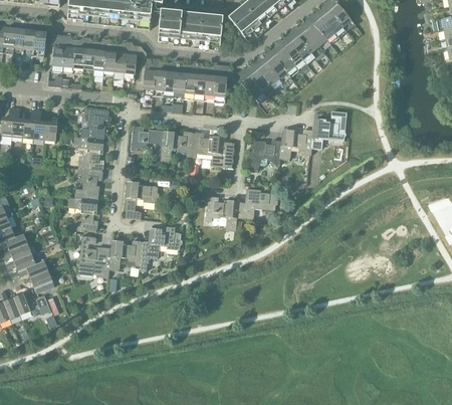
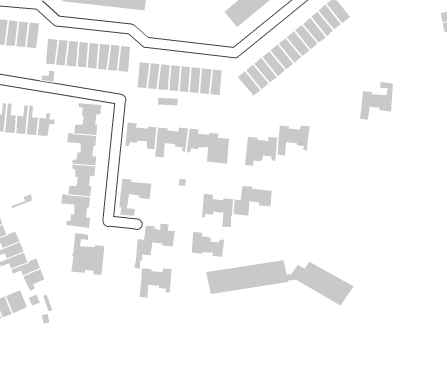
building: [159,10,223,36] -> none
building: [311,110,346,148] -> [359,81,394,120]
building: none -> [191,231,224,258]
building: [109,239,143,269] -> [139,268,173,298]
building: none -> [205,259,355,307]

